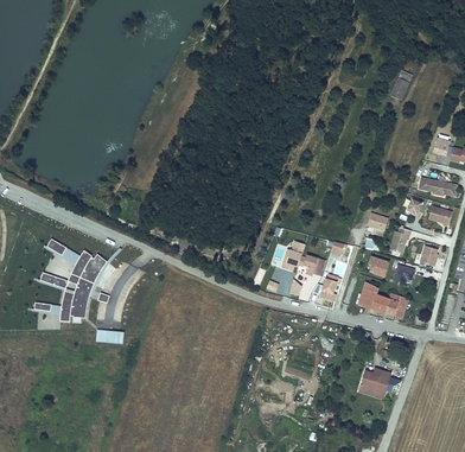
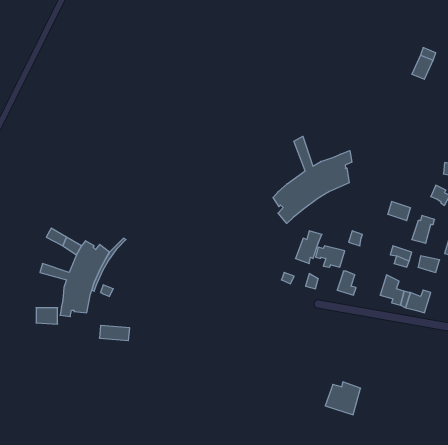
building: none -> [273,136,352,223]
building: [356,368,389,399] -> [325,382,361,415]

